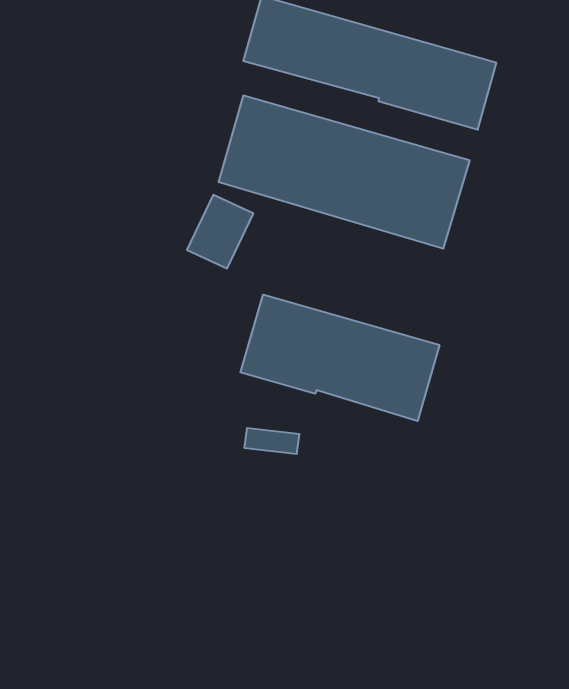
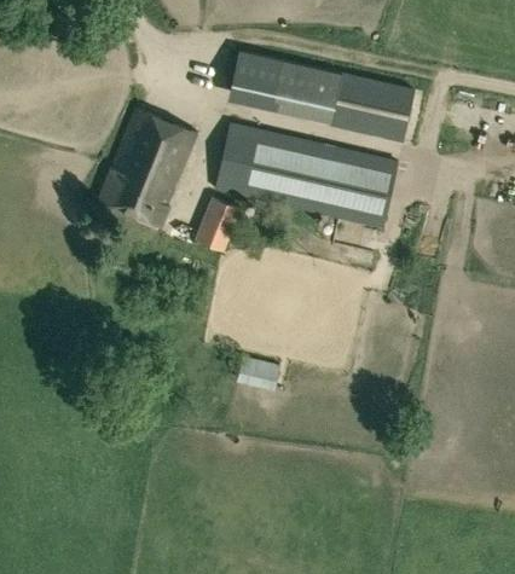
building: none -> [99,108,197,224]
building: [240,295,439,421] -> none

